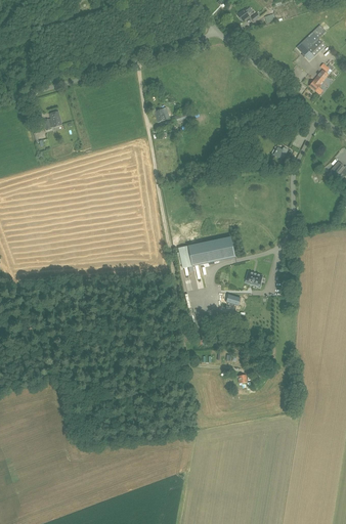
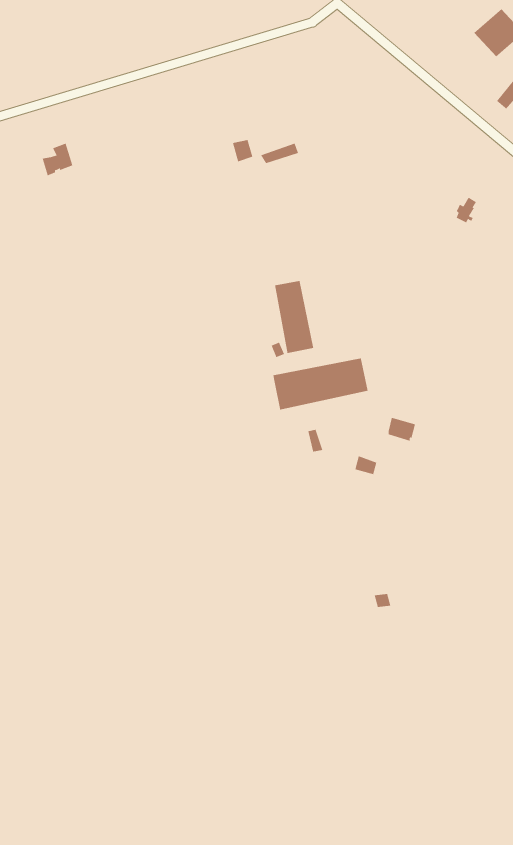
building: none -> [274,280,314,354]

